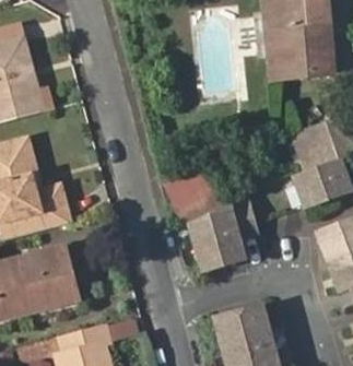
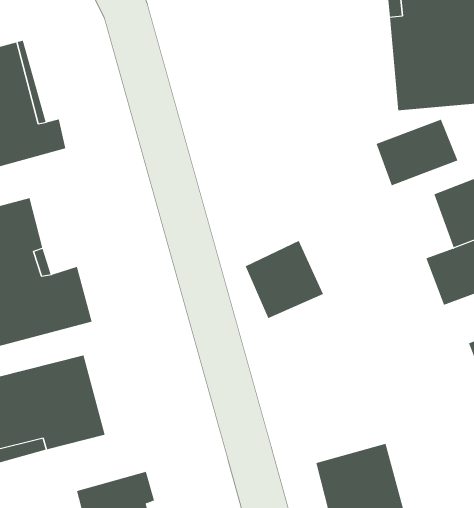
building: none -> [376,119,458,186]
building: [191,196,260,265] -> none

